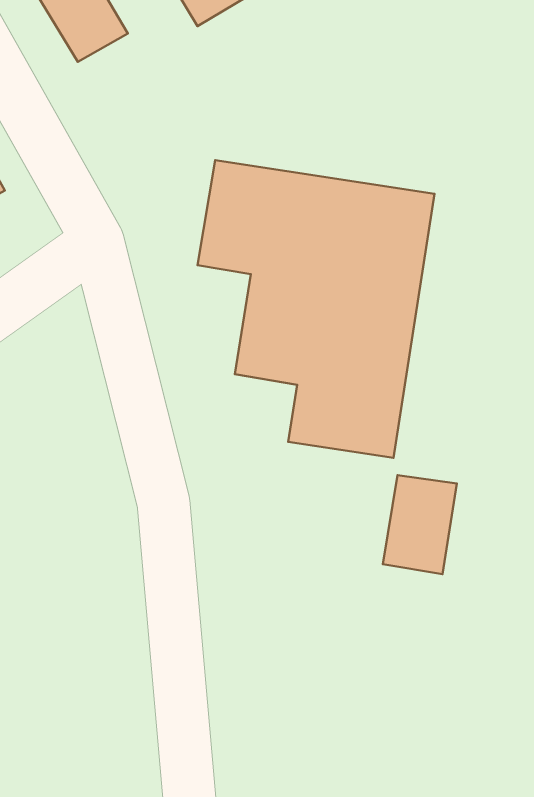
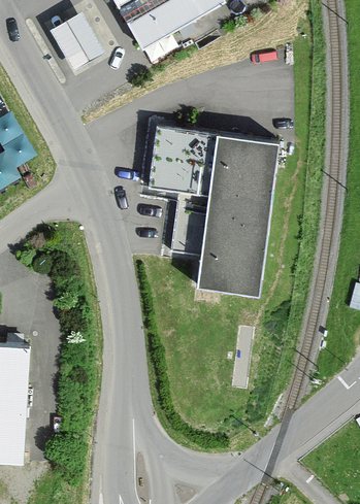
building: [383,475,457,574] -> none

